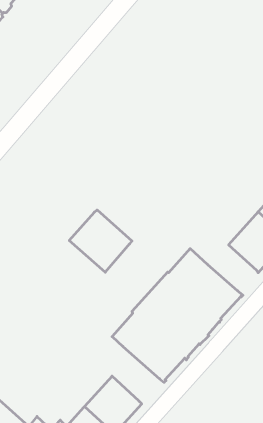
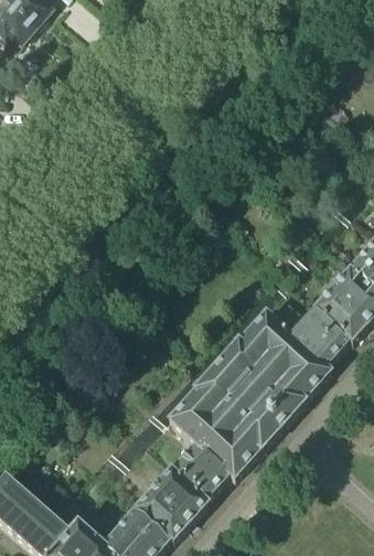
building: [69,210,132,272] -> none
building: none -> [263,307,346,367]
building: none -> [169,436,227,503]

